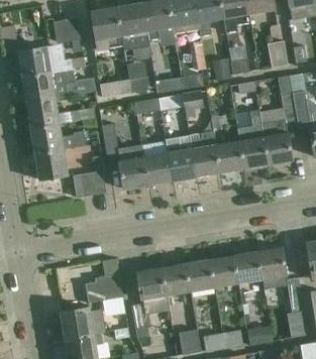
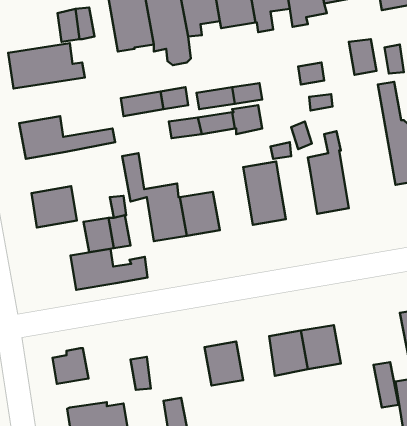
building: [21,70,75,103] -> none
building: [260,75,298,165] -> none
building: [30,124,87,154] -> [71,249,148,290]
building: [166,135,197,182] -> none
building: [216,139,244,173] -> none
building: [256,247,287,279] -> none
building: [185,259,213,291] -> none
building: [137,267,167,300] -> none
building: [85,276,111,303] -> [53,348,88,384]

